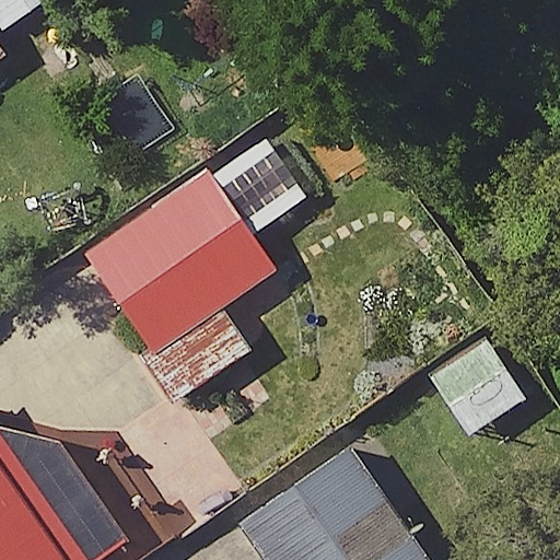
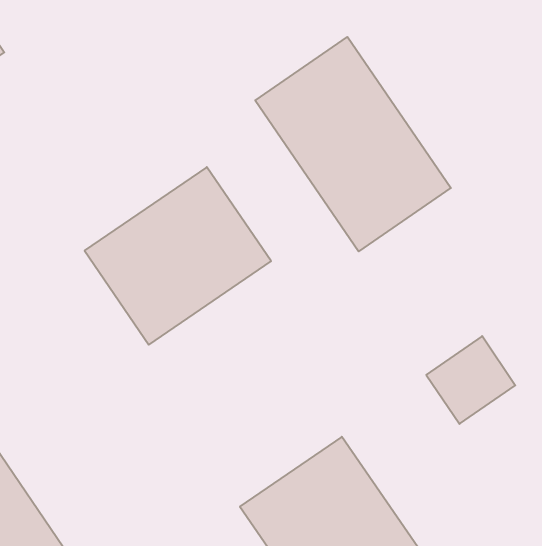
building: none -> [255,37,451,251]

